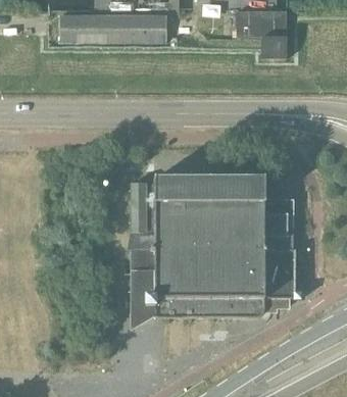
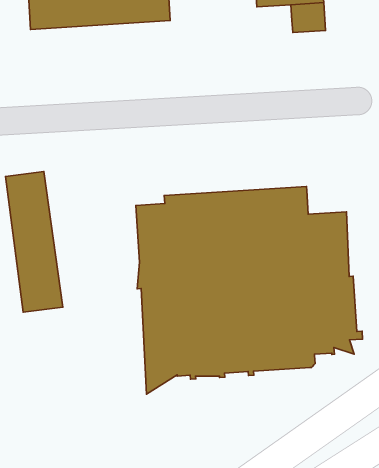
building: none -> [6,171,63,312]

